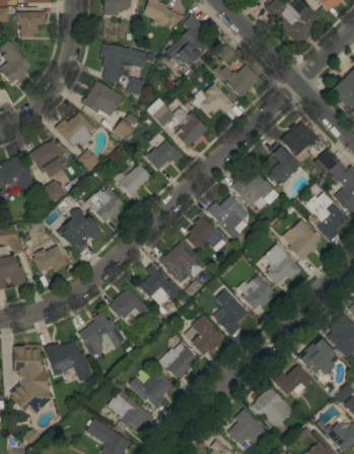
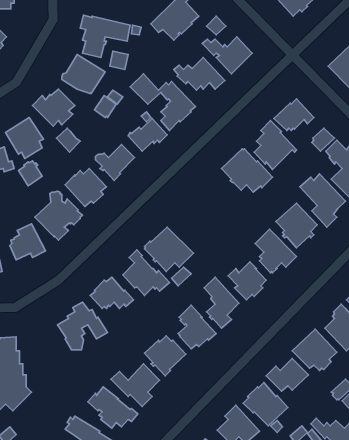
building: [206,195,249,240] -> none
building: [186,215,222,251] -> none
building: [44,341,93,382] -> none

